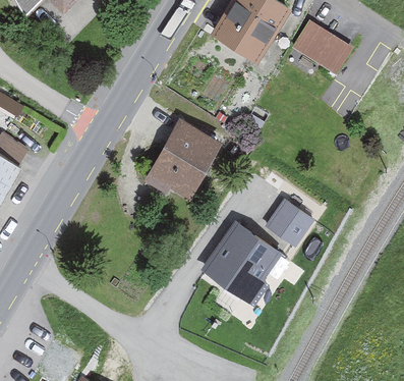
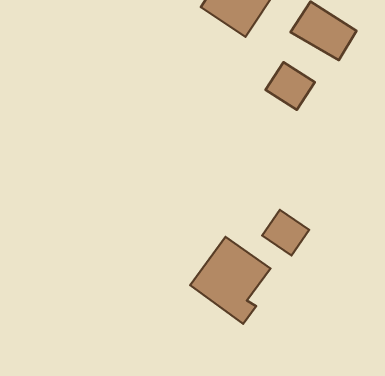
building: none -> [266,62,315,110]
building: [141,117,207,185] -> none

